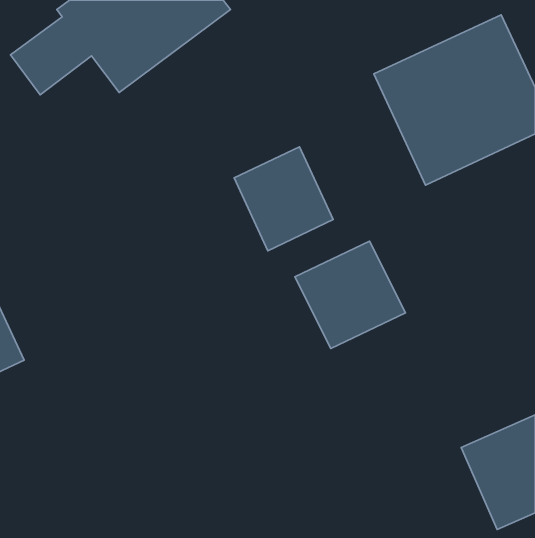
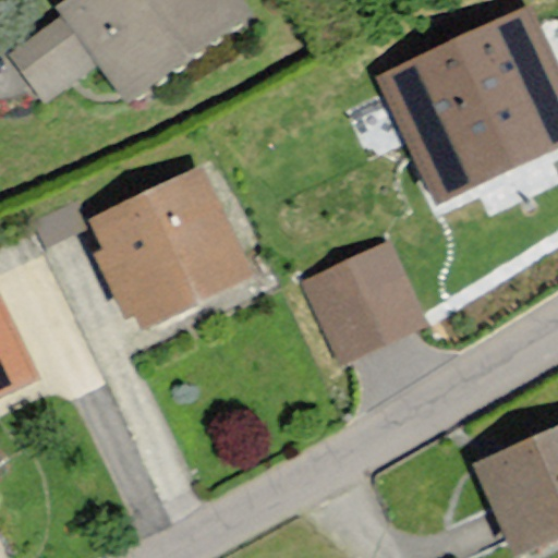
building: [234,147,333,251] -> none
building: none -> [93,172,243,324]

